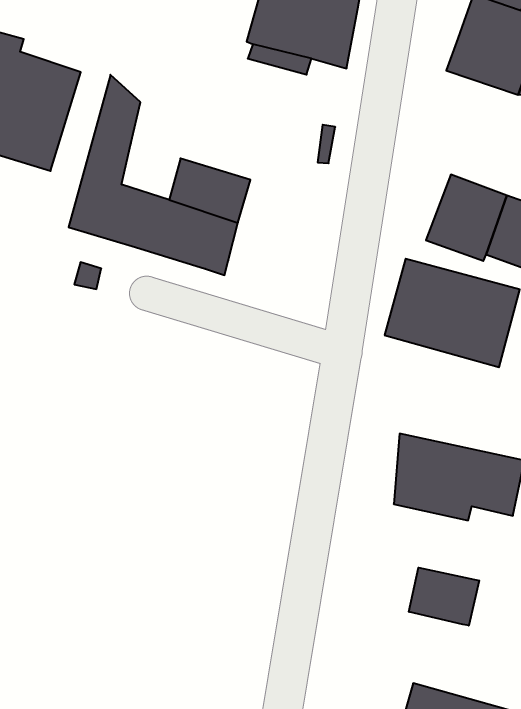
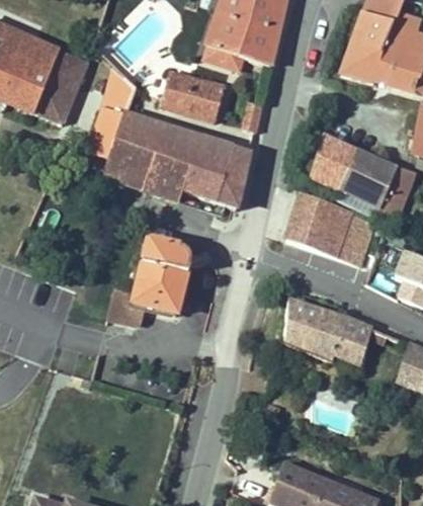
building: none -> [157,64,228,115]
building: none -> [118,104,158,143]
building: none -> [184,134,249,205]
building: none -> [104,234,187,321]
building: [409,568,479,626] -> none

